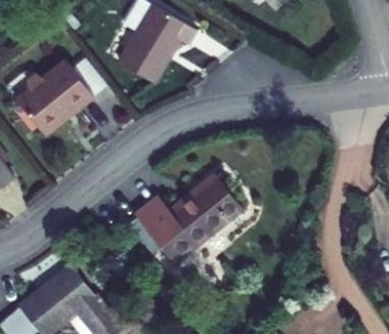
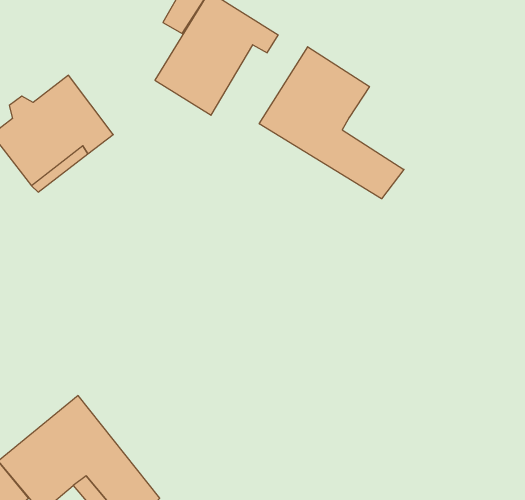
building: none -> [259,47,404,199]
building: [135,173,242,263] -> none

